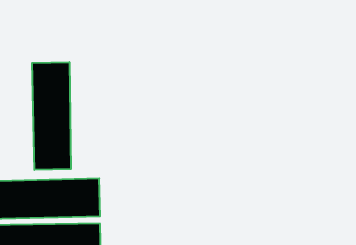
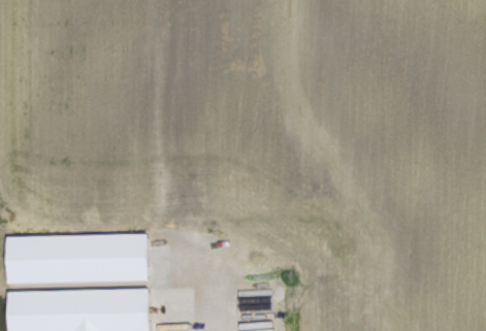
building: [32,62,71,170] -> none

